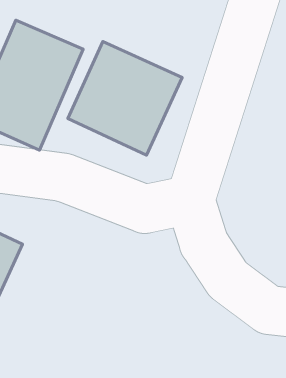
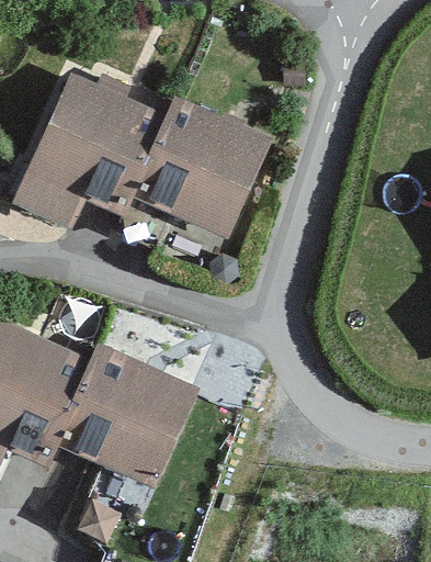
building: none -> [54,345,197,488]

